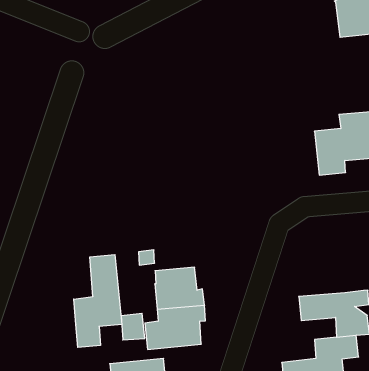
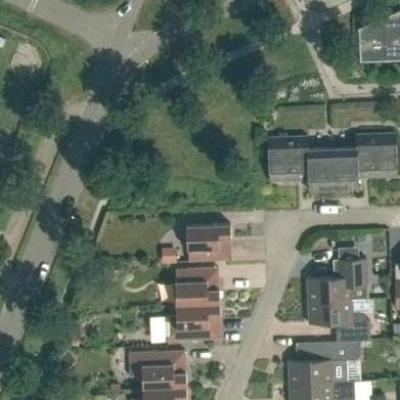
building: none -> [267,136,334,190]
building: none -> [186,224,230,262]
building: none -> [307,258,368,301]
building: [74,255,122,347] -> none

